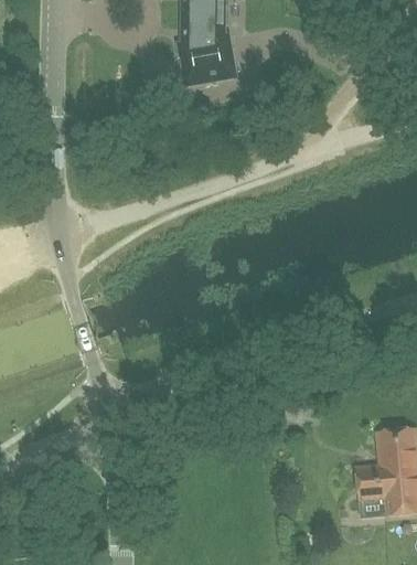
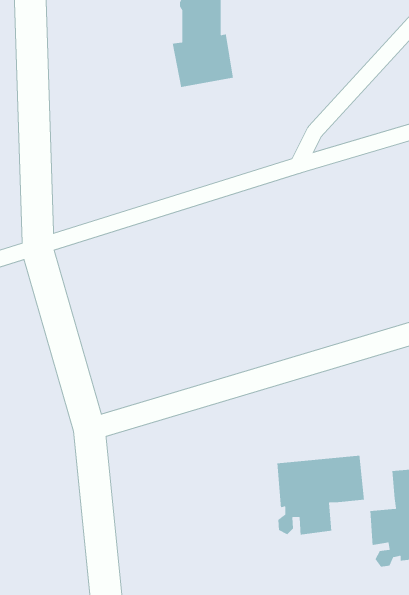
building: none -> [277,455,365,535]

